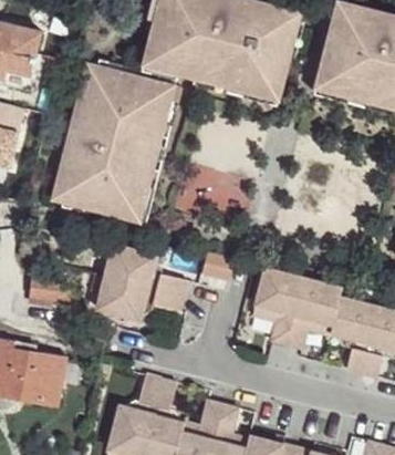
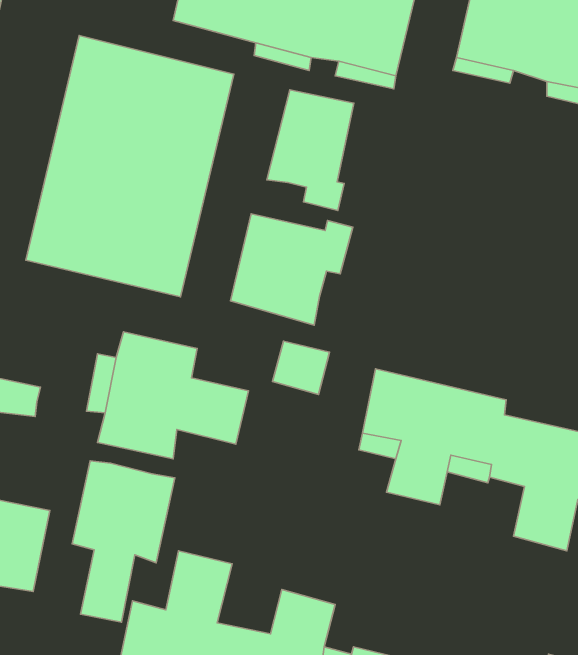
building: none -> [267,90,354,210]
building: none -> [230,214,353,325]
building: none -> [72,461,175,622]

